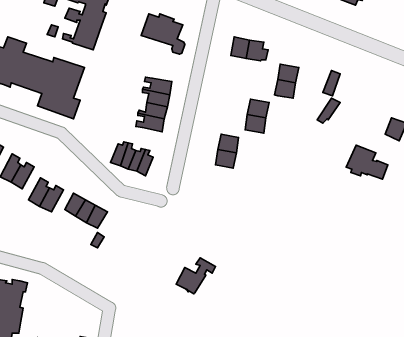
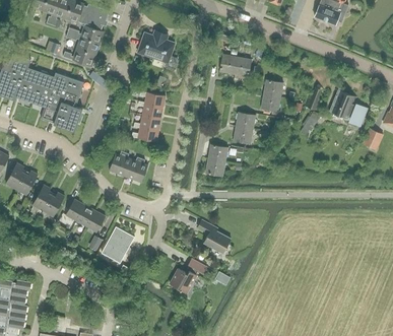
building: [346,145,388,179] -> [328,90,367,122]
building: none -> [197,220,230,253]
building: none -> [101,226,134,263]

